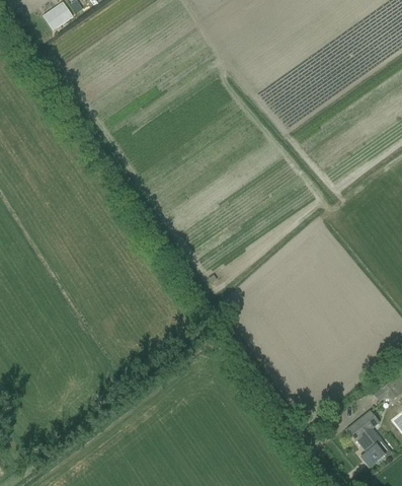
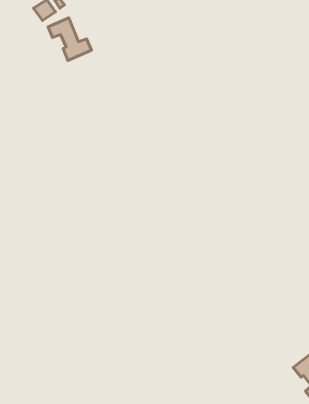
building: none -> [48,18,92,60]

